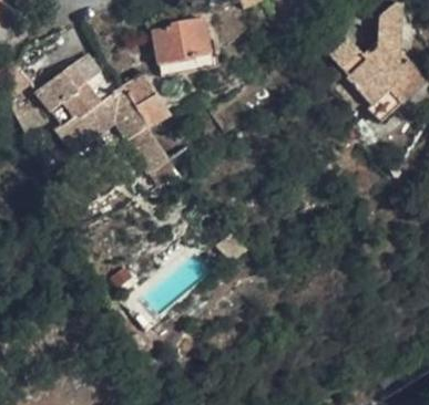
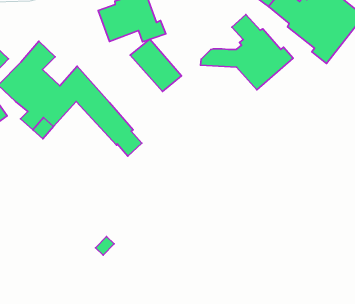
building: none -> [201,14,293,90]
building: [121,72,171,128] -> [130,39,181,92]

